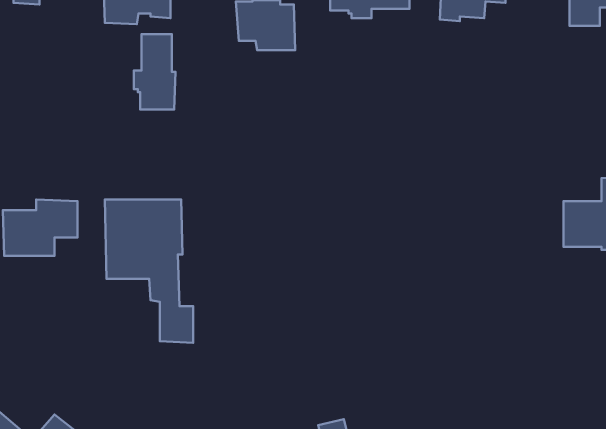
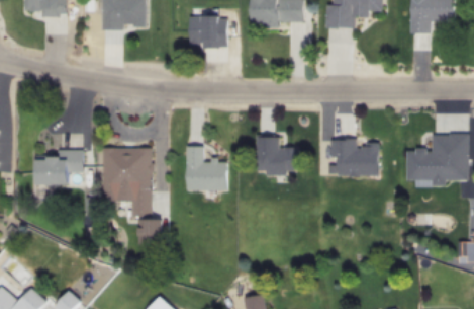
building: [134,34,176,110] -> none
building: none -> [256,136,294,172]
building: none -> [330,139,377,175]
building: none -> [186,146,228,191]

